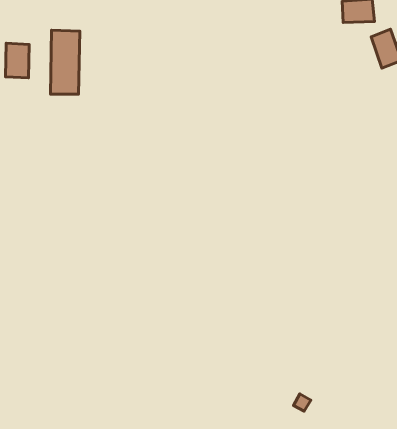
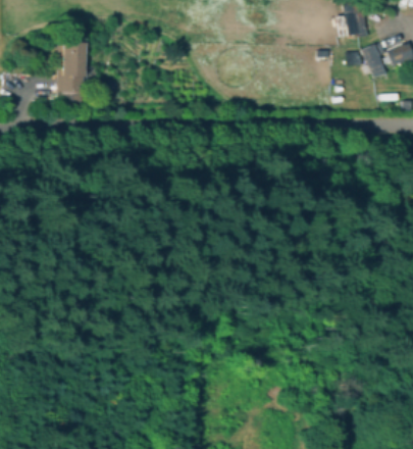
building: [6,43,29,78] -> none

